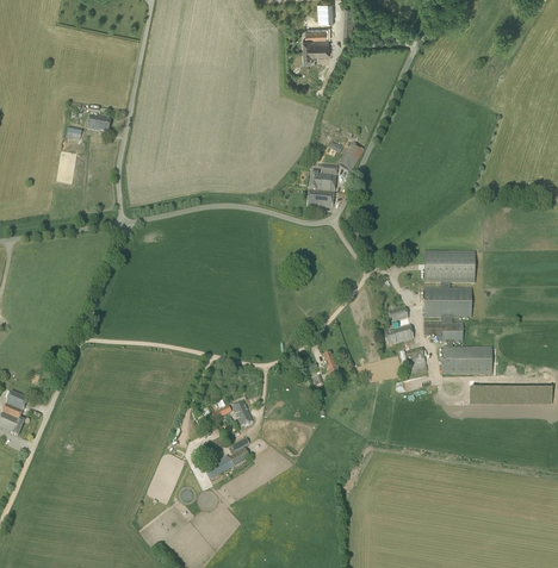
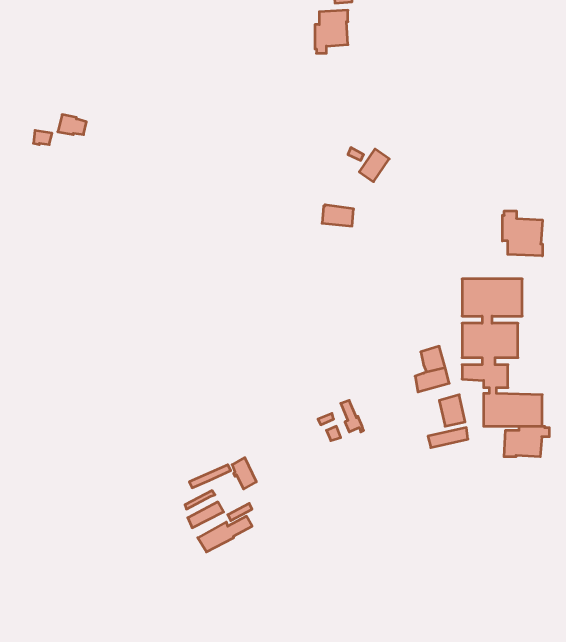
building: [310,163,337,192] -> none
building: none -> [502,211,542,256]
building: none -> [504,426,549,457]

